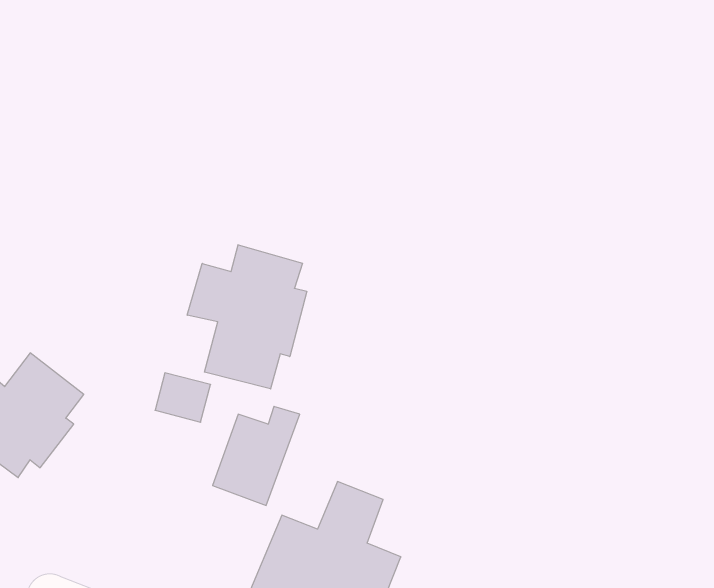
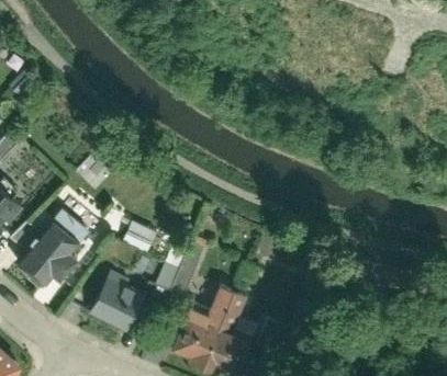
building: [187,245,307,389] -> none
building: none -> [91,273,148,330]

